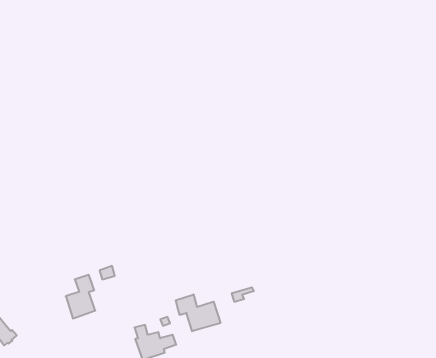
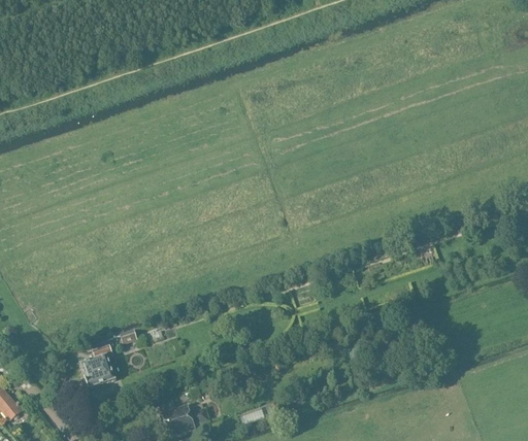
building: [176,294,220,331] -> none

